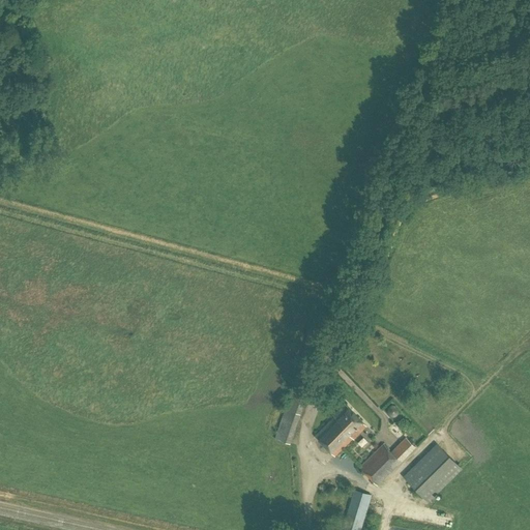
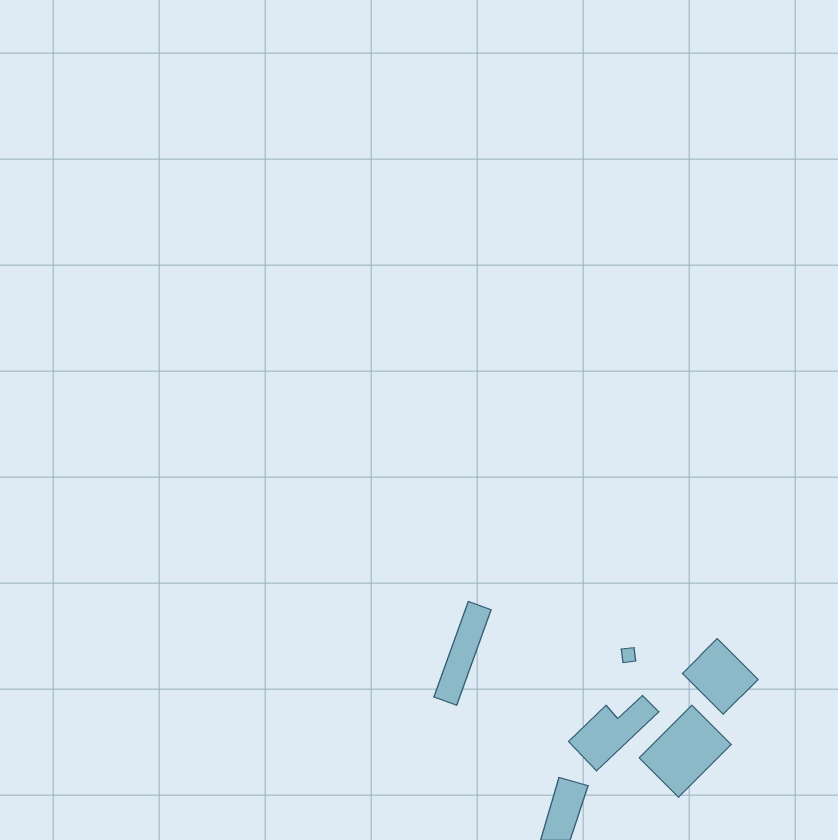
building: none -> [682,639,758,714]
building: [314,405,365,457] -> none

